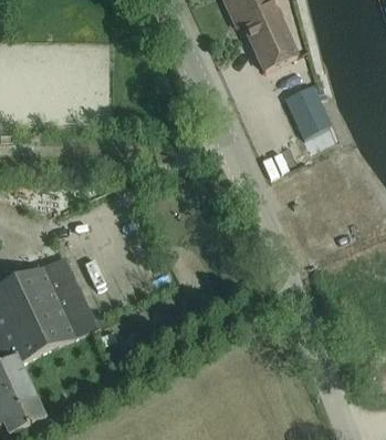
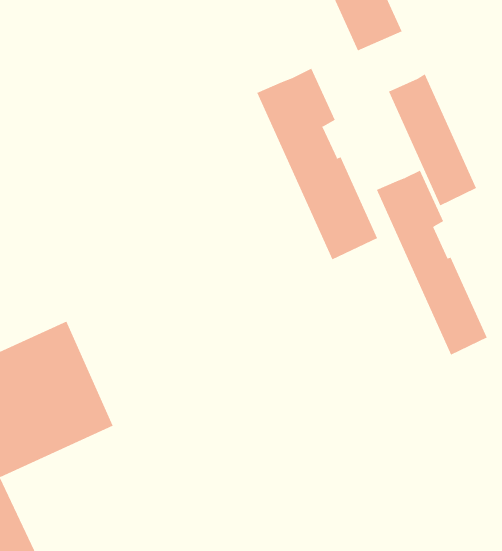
building: none -> [257,68,378,260]
building: none -> [376,170,487,356]

